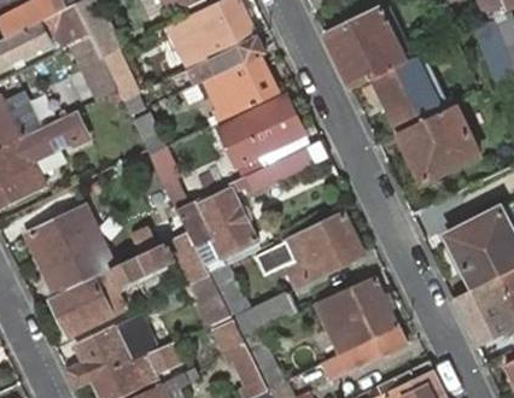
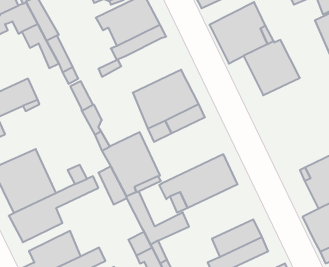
building: [210,54,278,124] -> none
building: [398,105,479,182] -> none
building: [187,274,232,326] -> none
building: [319,281,385,329] -> none

